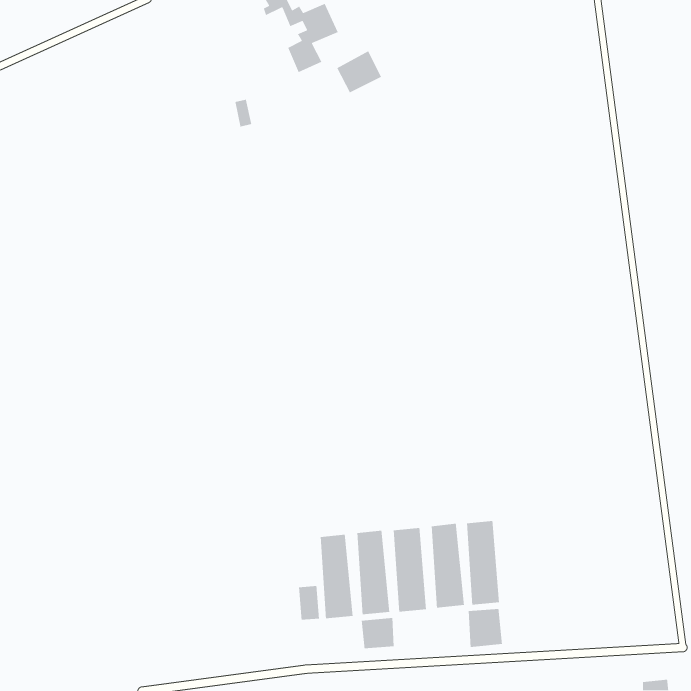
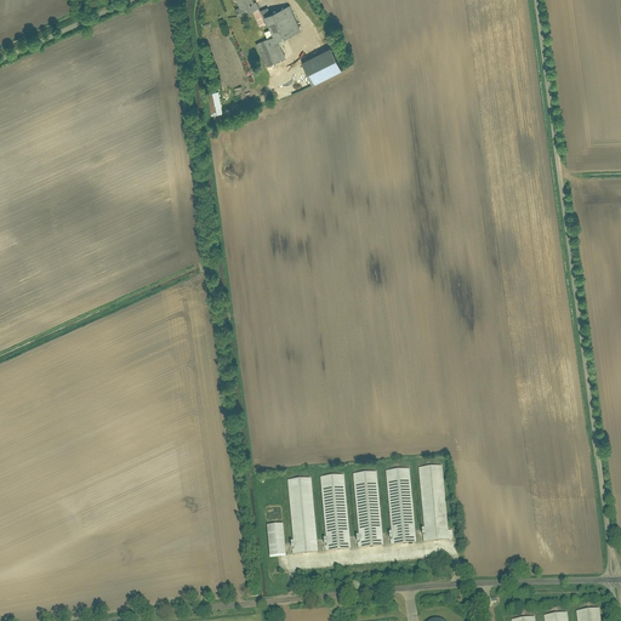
building: [468,608,503,648] -> none
building: [361,617,395,649] -> none

